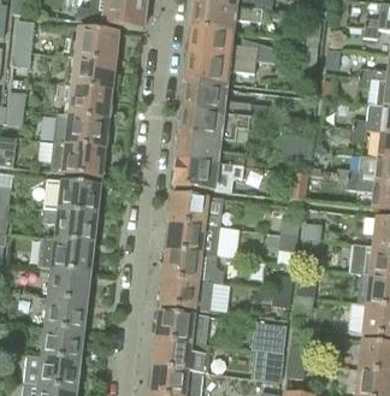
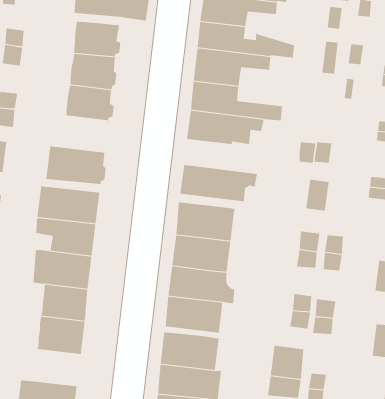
building: [54,112,110,147] -> none
building: [176,135,244,166] -> none
building: [40,325,83,359] -> none

